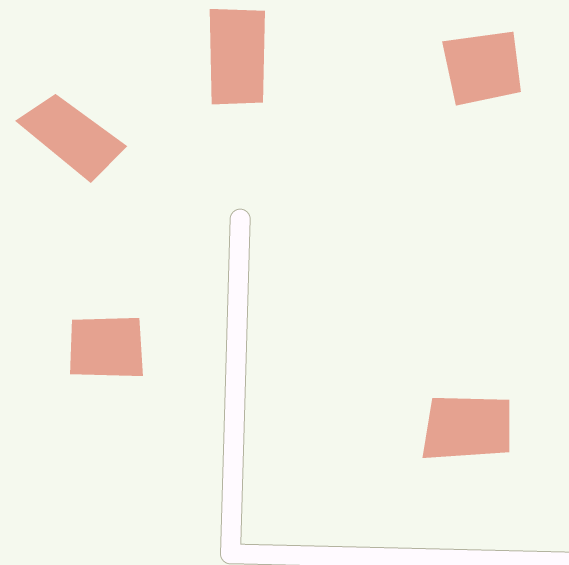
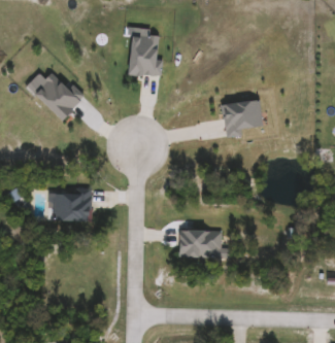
building: [441,31,522,106] -> [220,96,262,135]
building: [422,398,510,459] -> [176,227,223,259]

